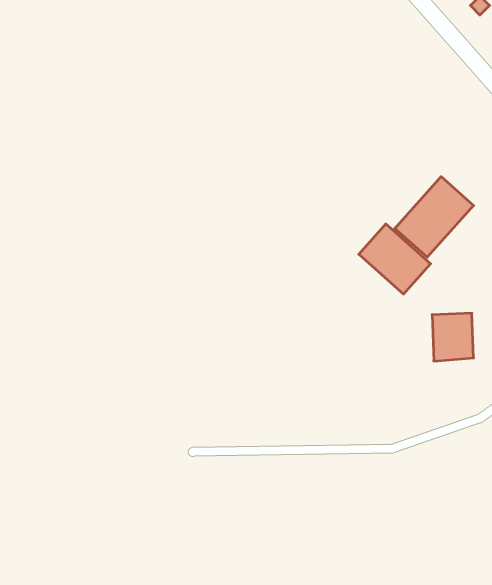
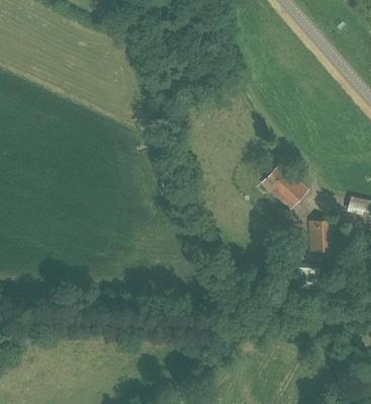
building: [395,177,474,257] -> none

